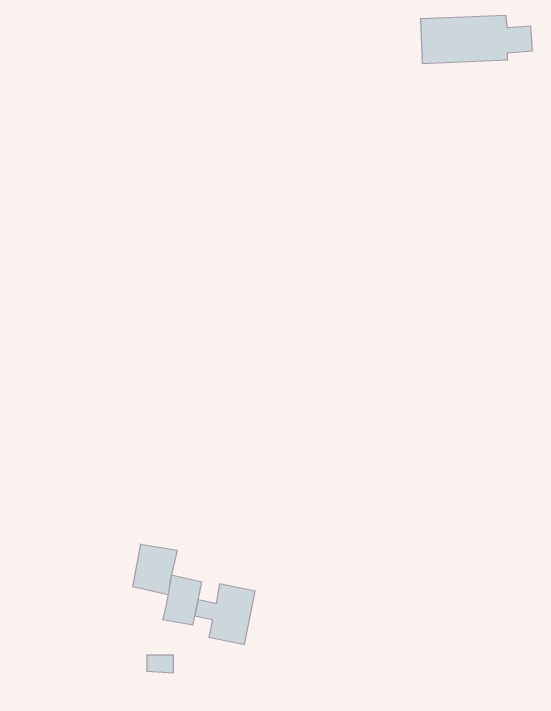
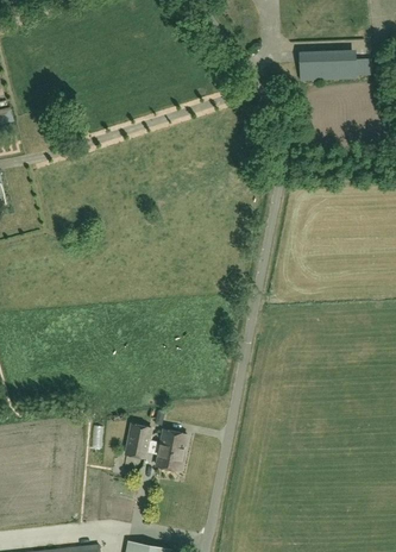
building: [133,544,177,595] -> none

